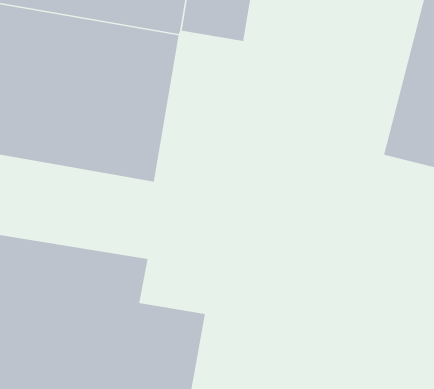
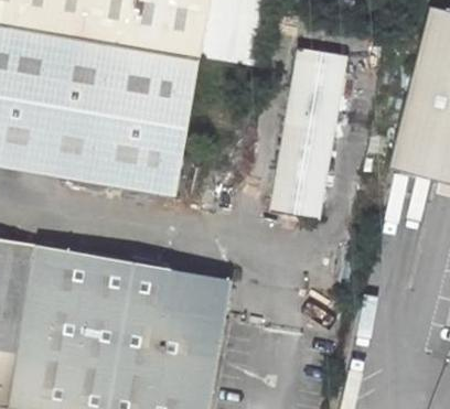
building: none -> [269,47,346,219]
building: none -> [162,266,229,316]

